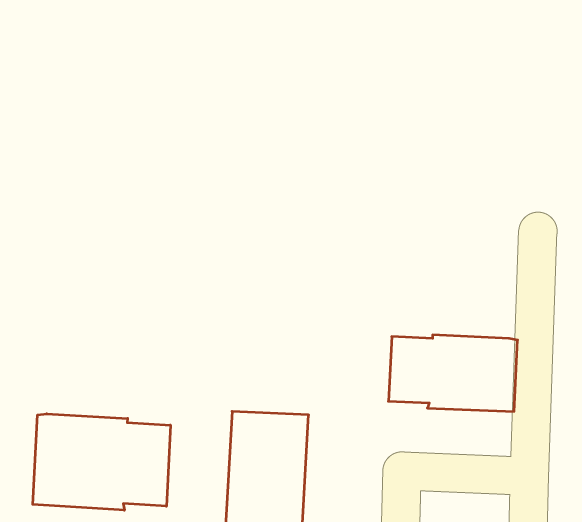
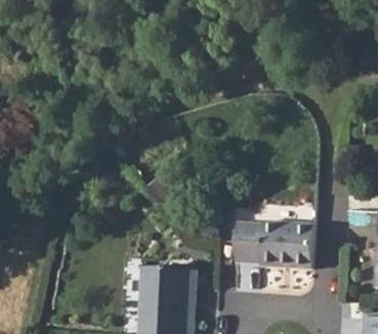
building: [33,414,170,510] -> none

